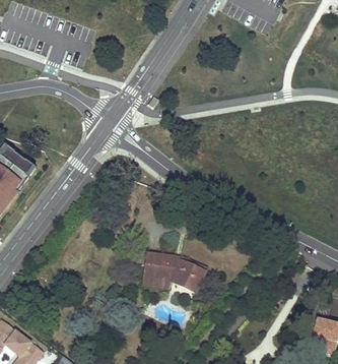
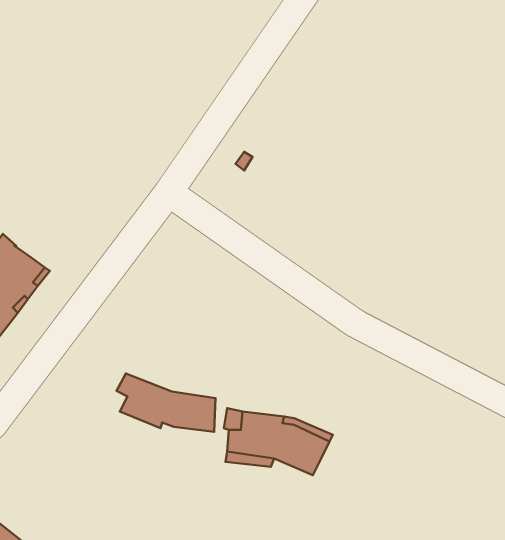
building: none -> [117,373,215,432]

